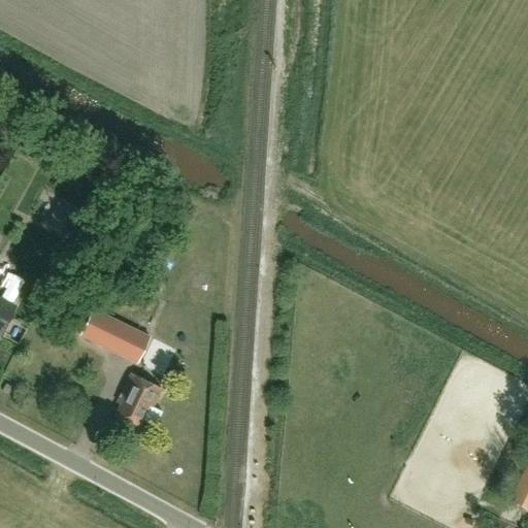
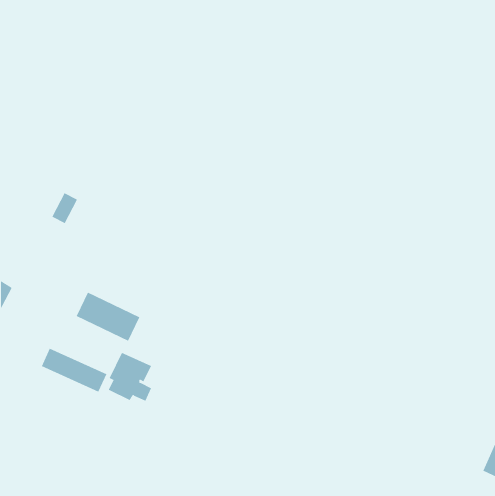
building: none -> [41,348,107,392]

